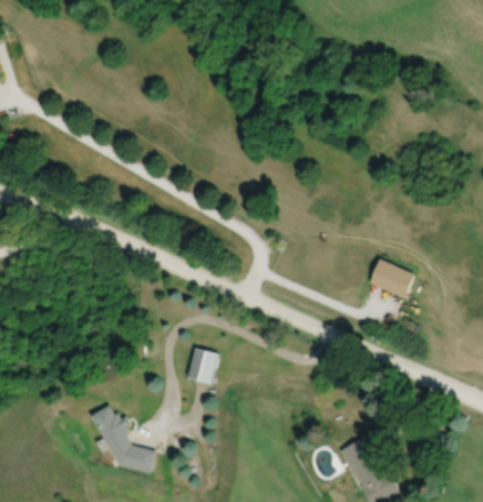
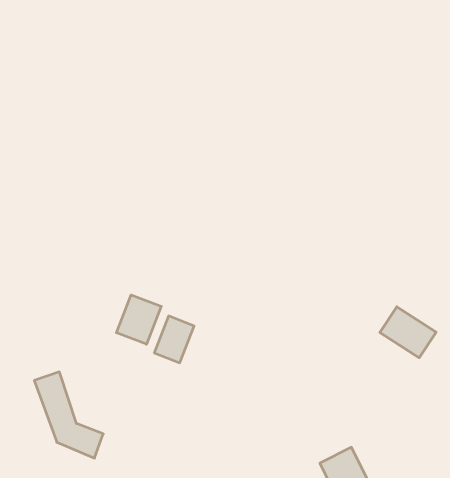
building: [369,258,415,298] -> [380,307,436,358]
building: none -> [116,295,161,344]

